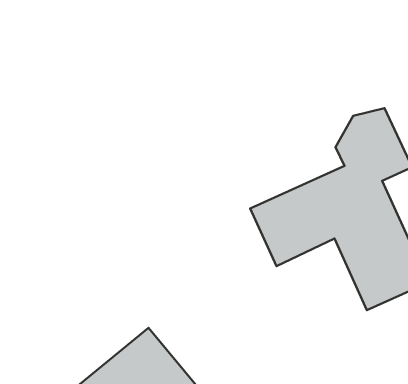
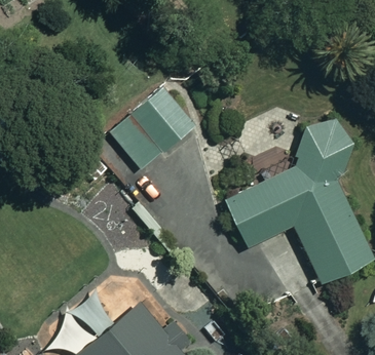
building: none -> [111,87,195,169]

